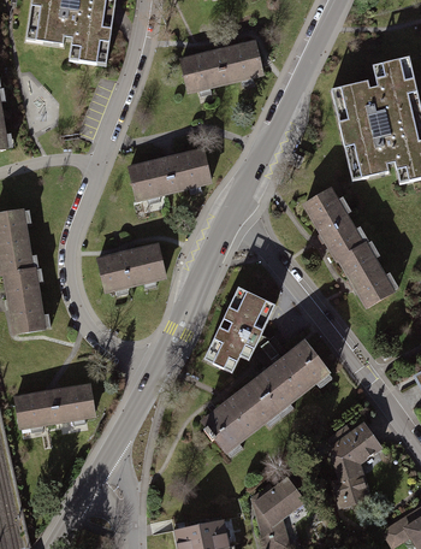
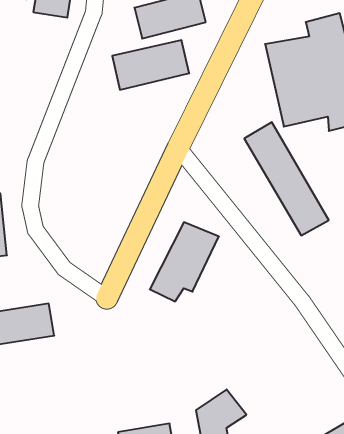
building: [129,148,213,202] -> [112,40,189,90]
building: [96,242,166,293] -> none
building: [198,336,332,454] -> none
building: [326,423,383,506] -> none

